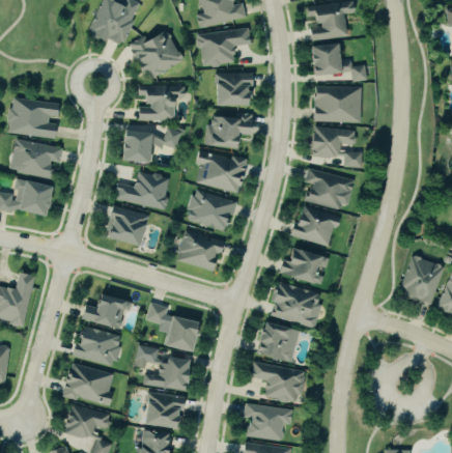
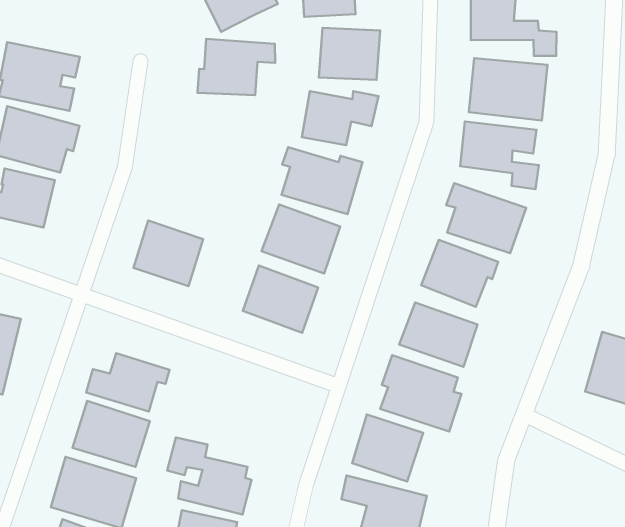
building: [119,130,182,163] -> none
building: [114,171,172,209] -> none
building: [147,303,198,351] -> none

